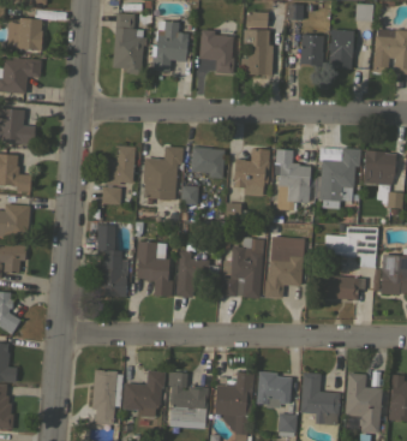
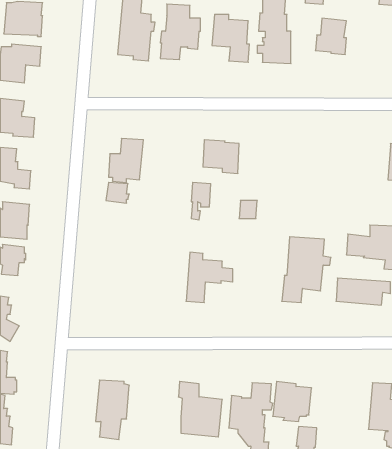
building: [328,29,354,70] -> none
building: [143,147,184,201] -> none
building: [319,148,360,201] -> none
building: [233,149,269,196] -> none
building: [275,149,311,203] -> none
building: [95,225,128,297] -> none
building: [221,237,263,298] -> none
building: [136,242,173,297] -> none
building: [122,371,166,415] -> none
building: [300,373,340,425] -> none

